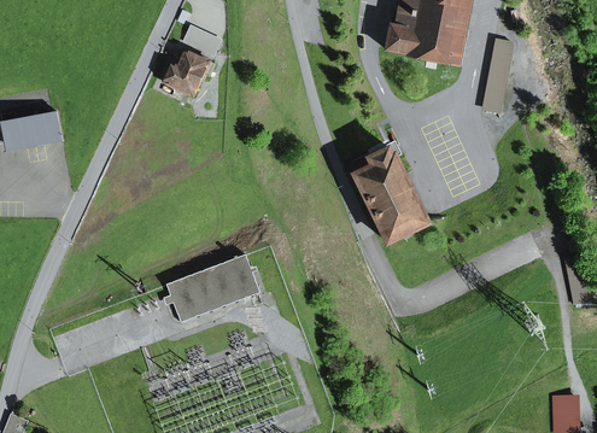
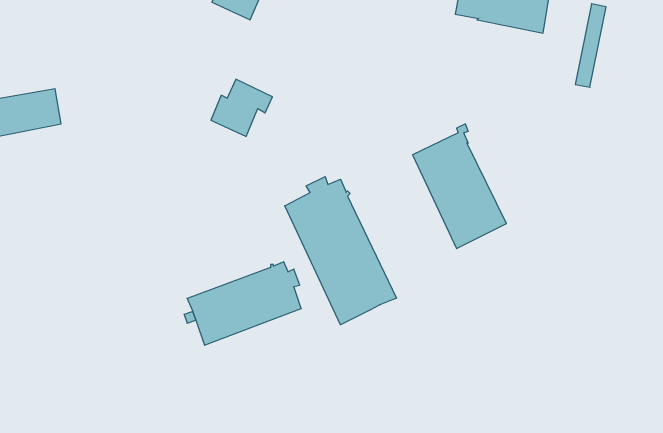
building: [164,48,215,95] -> [211,79,272,136]
building: none -> [285,177,396,325]

